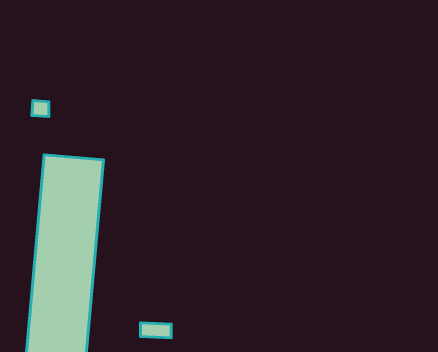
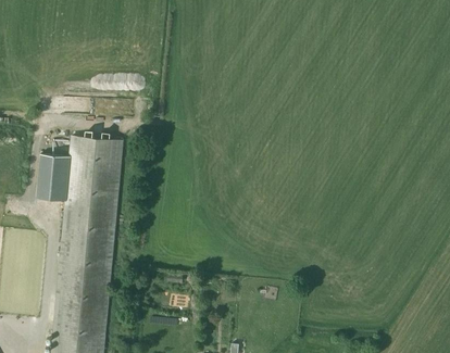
building: none -> [36,154,68,200]

